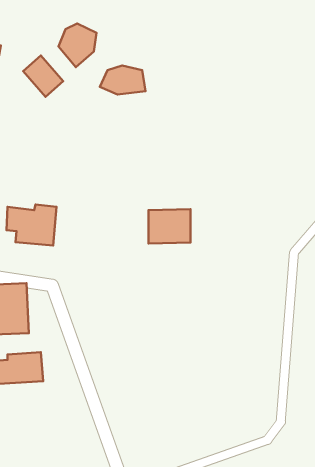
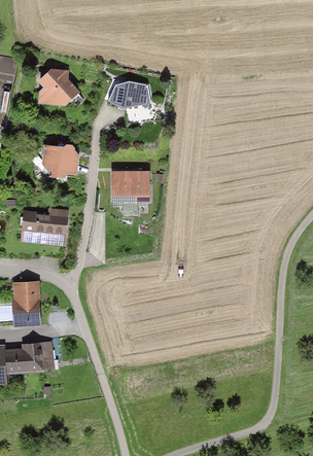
building: [59,23,96,67] -> none
building: none -> [40,139,79,179]
building: [148,209,191,243] -> [110,172,149,204]

